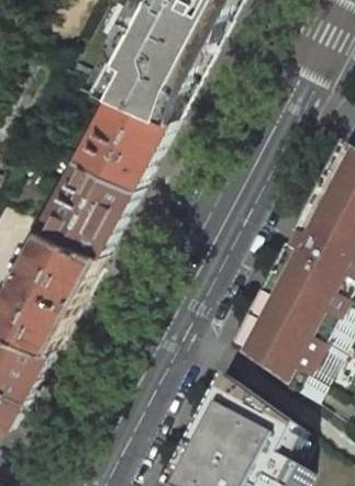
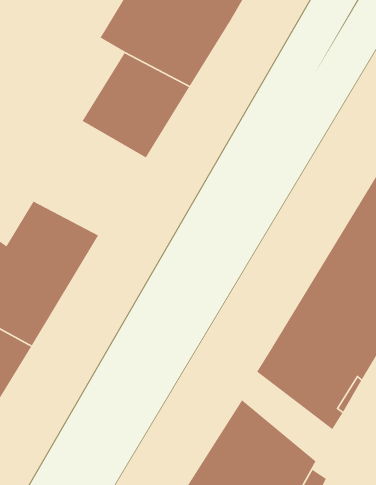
building: [40,155,134,251] -> none

